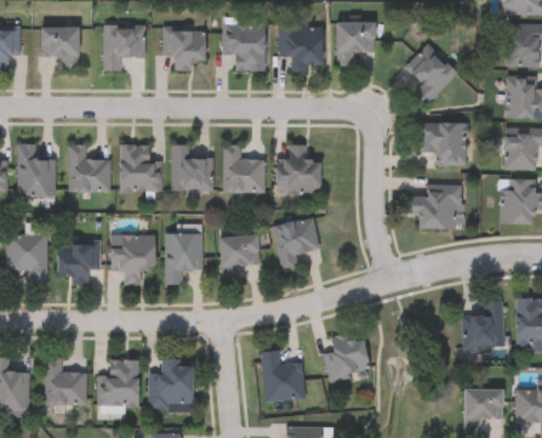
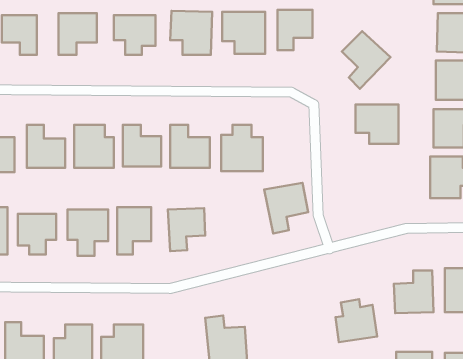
building: [413,184,458,228] -> none
building: [272,217,319,272] -> [264,183,308,234]
building: [325,332,370,379] -> [335,299,377,342]

